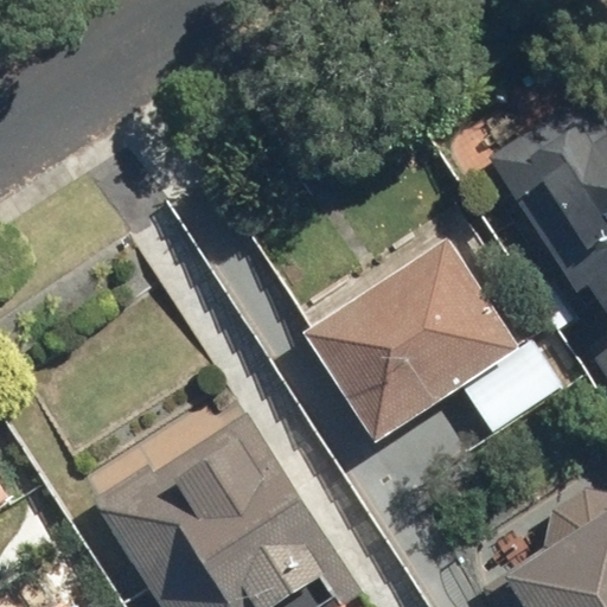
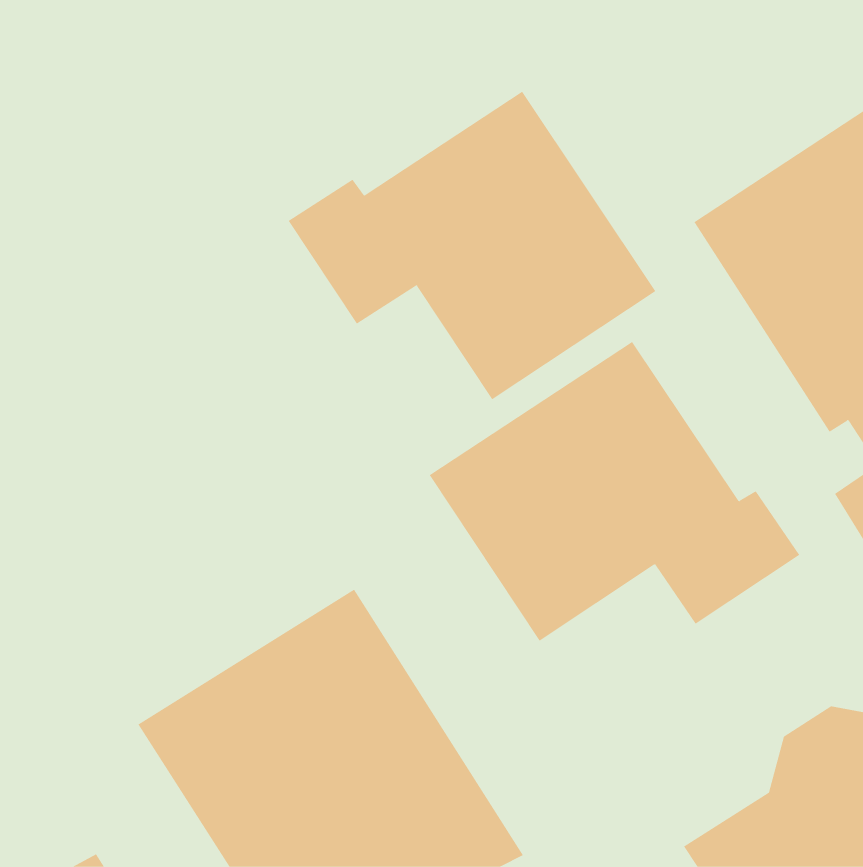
building: none -> [288,91,656,400]

